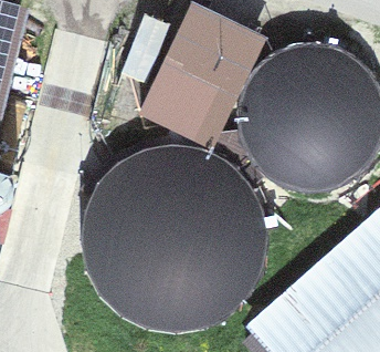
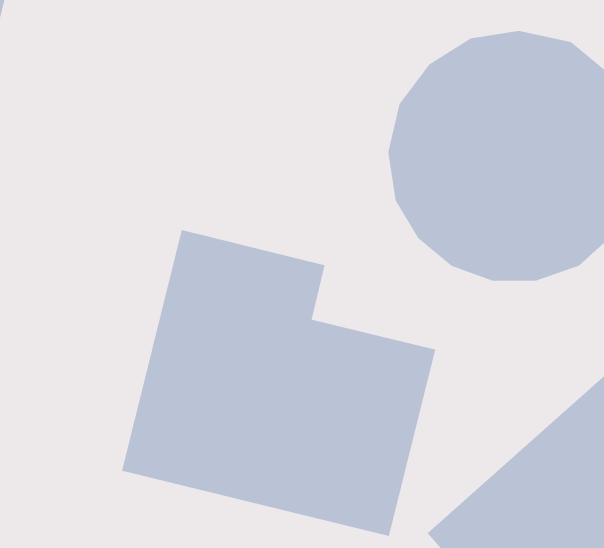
building: [142,30,247,142] -> none

